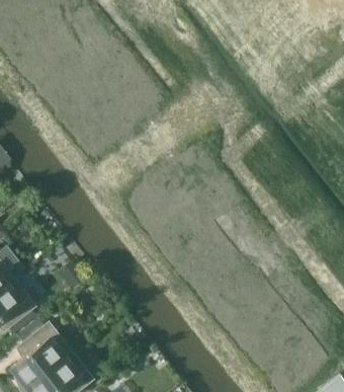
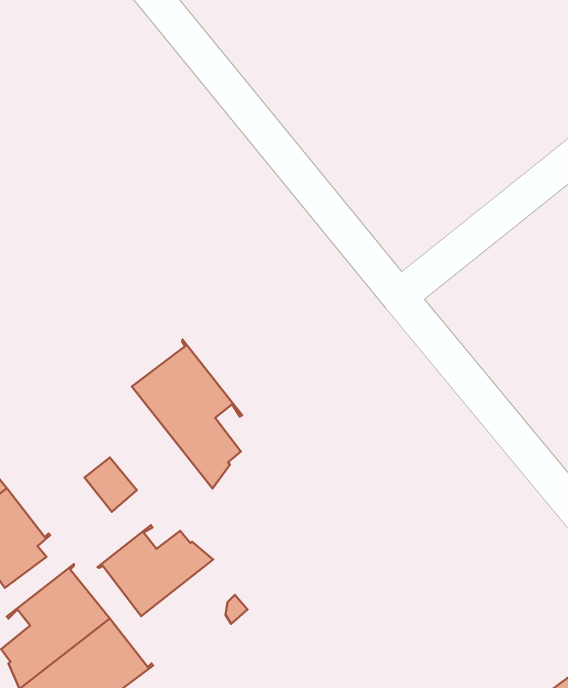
building: none -> [132,339,242,488]
building: none -> [98,525,213,616]

